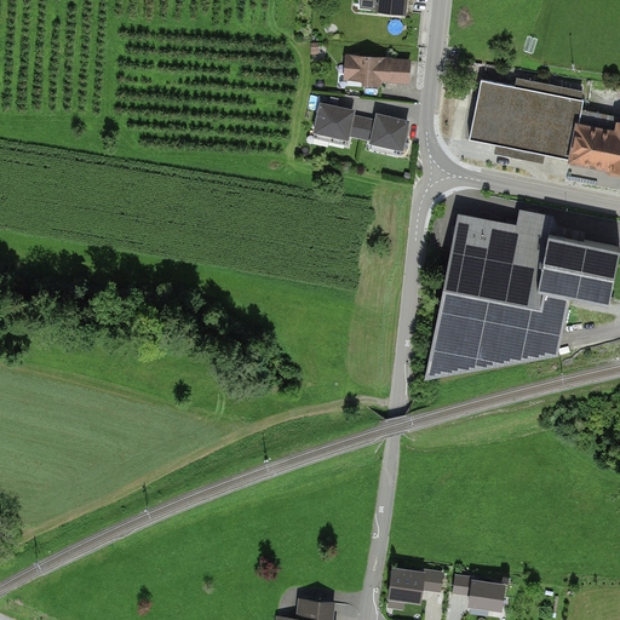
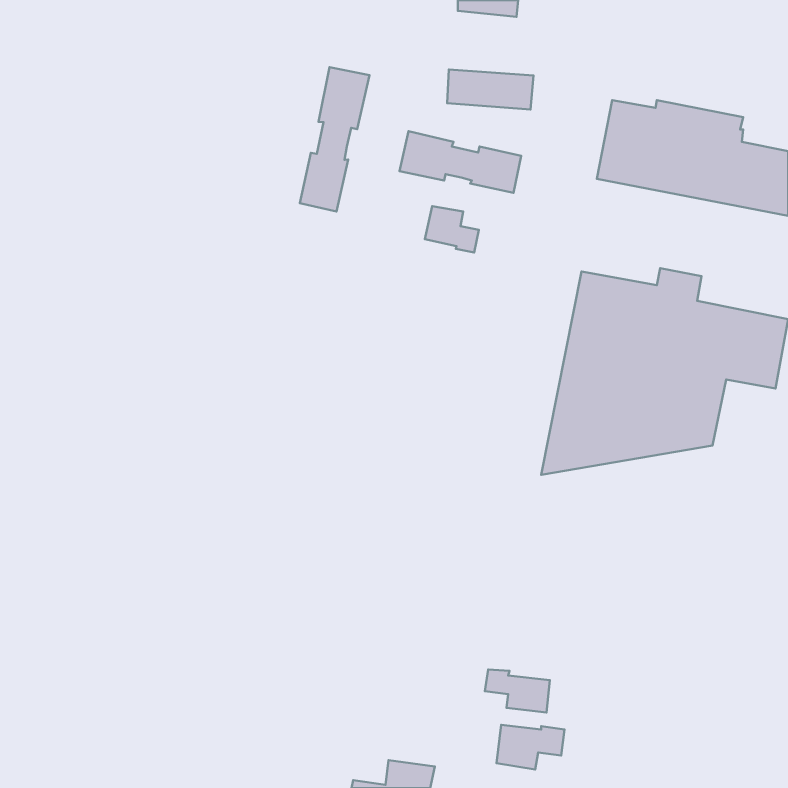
building: none -> [300,67,369,212]
building: none -> [425,206,479,252]
building: [454,576,505,610] -> [485,669,550,713]

